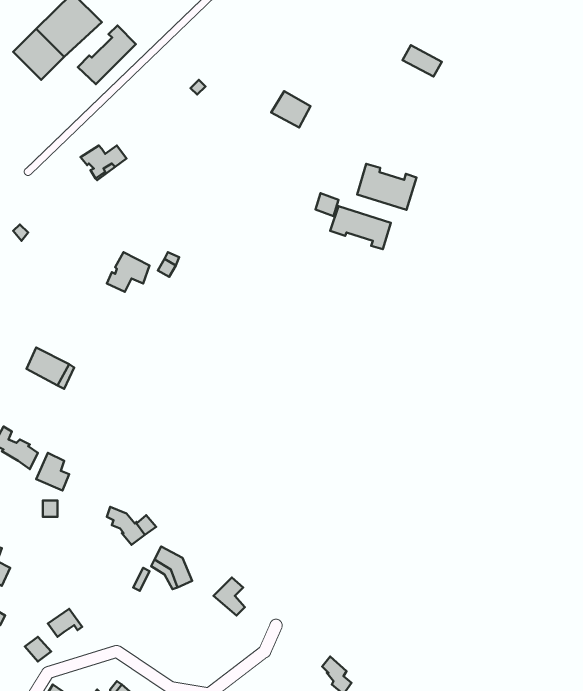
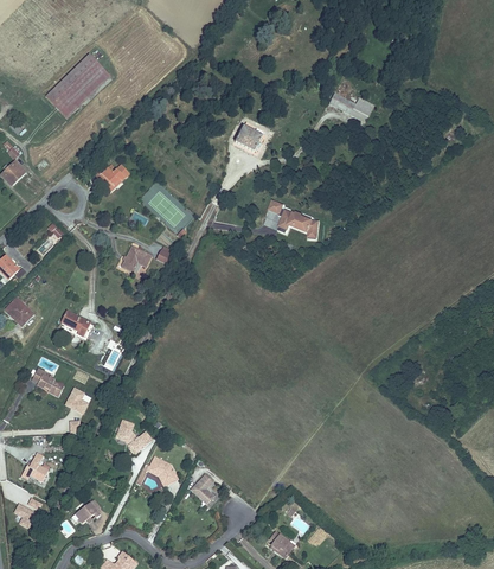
building: [78,26,136,84] -> none
building: [357,164,416,210] -> none

